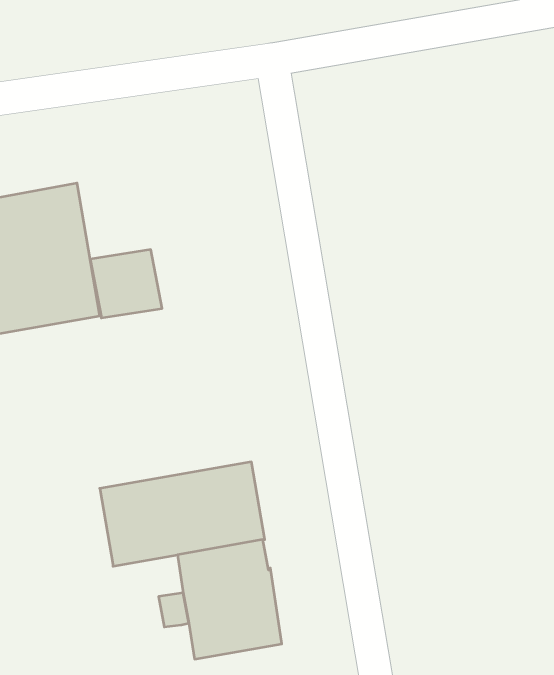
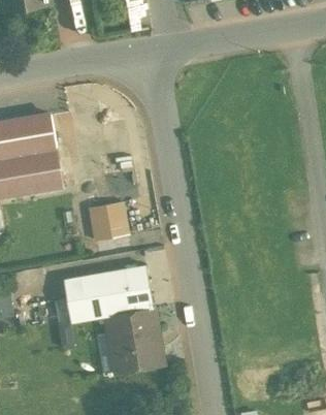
building: [90,250,162,318] -> [90,202,129,240]

